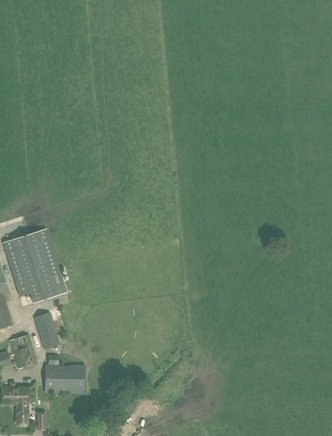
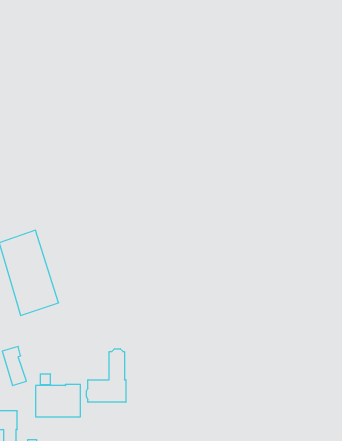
building: [34,312,65,349] -> none
building: none -> [87,349,126,402]

